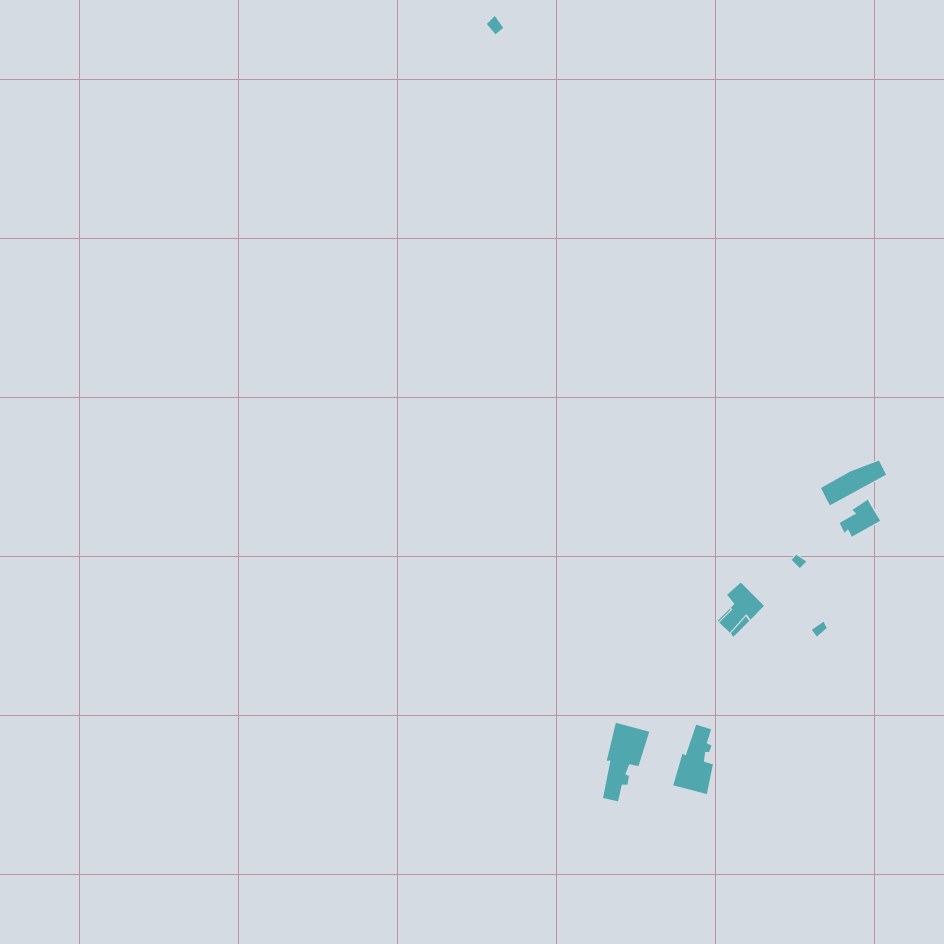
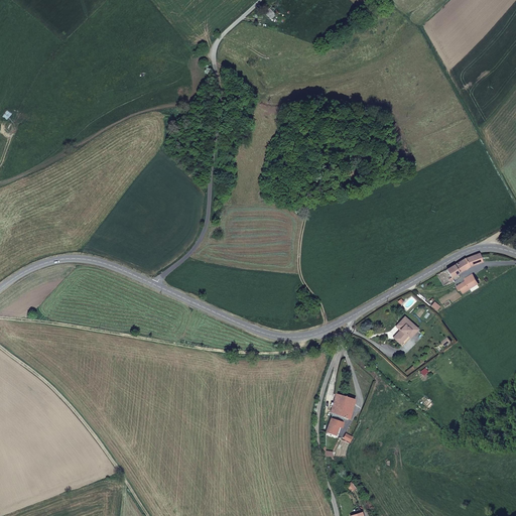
building: [673,724,713,795] -> none

